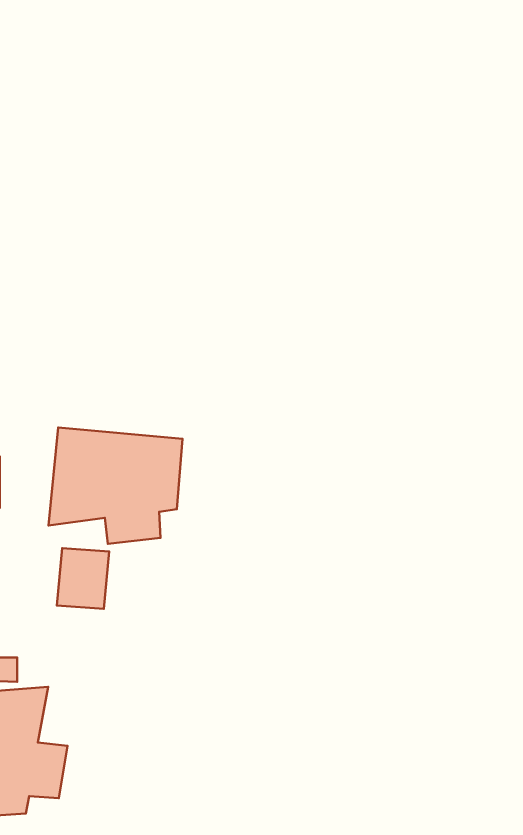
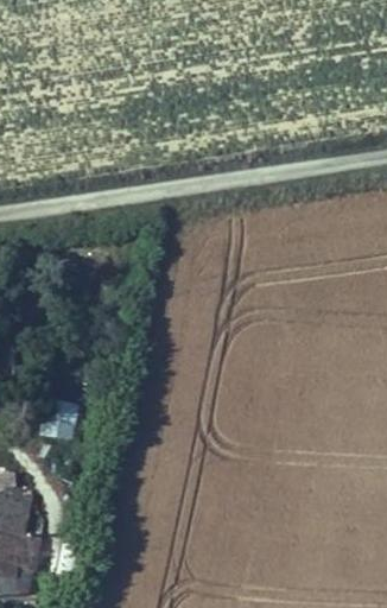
building: [48,427,183,544] -> none

